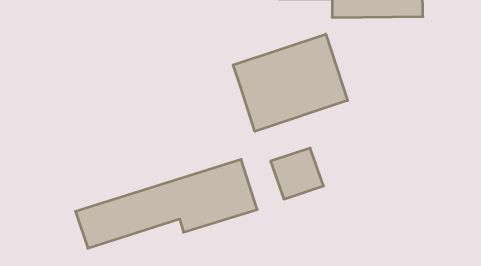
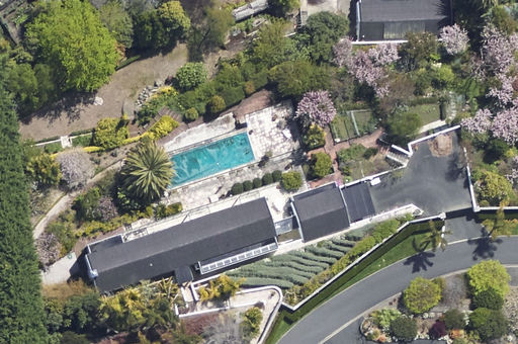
building: [233,34,348,131] -> none

